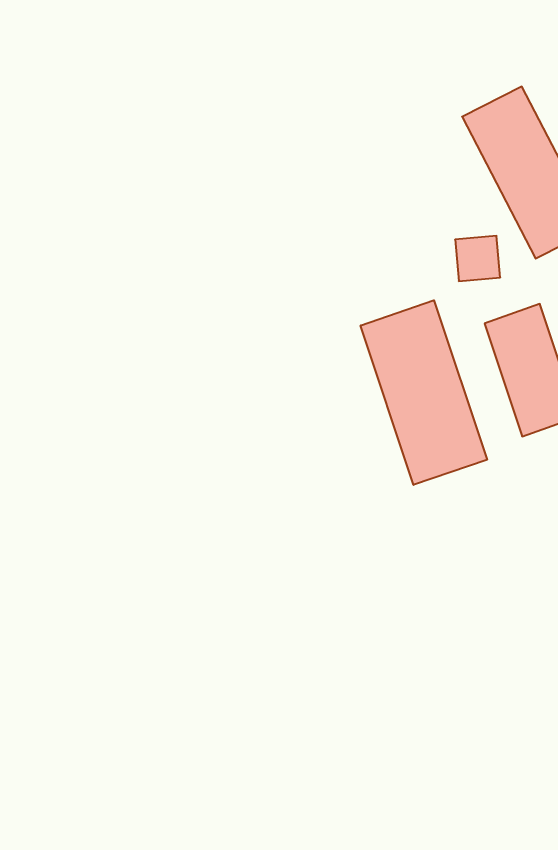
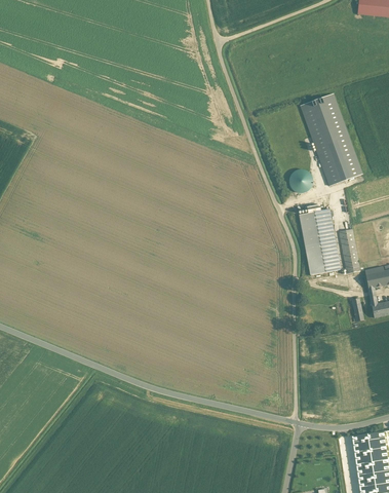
building: [361,300,487,485] -> none

